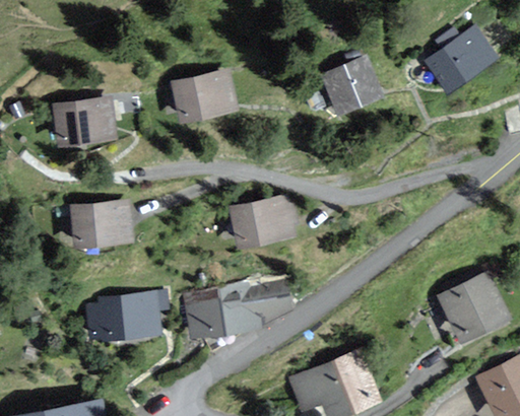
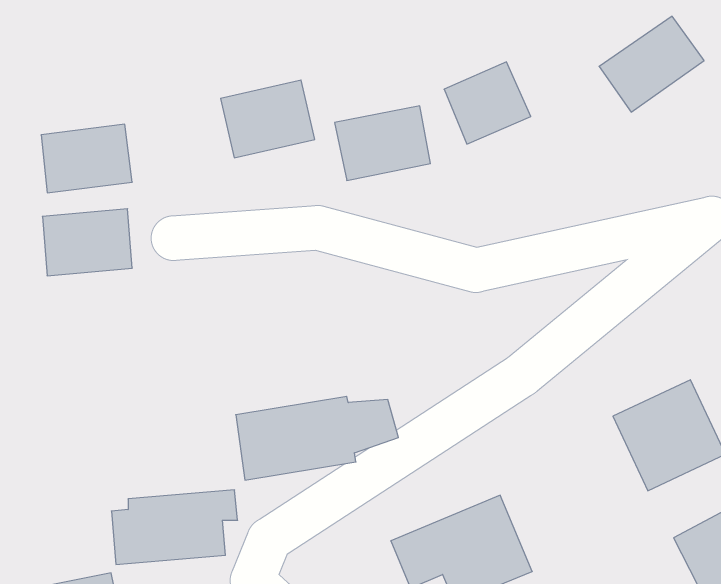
building: [231,197,295,247] -> [335,106,430,180]
building: [72,202,132,247] -> [42,209,132,276]
building: [85,290,170,340] -> [111,490,238,564]

